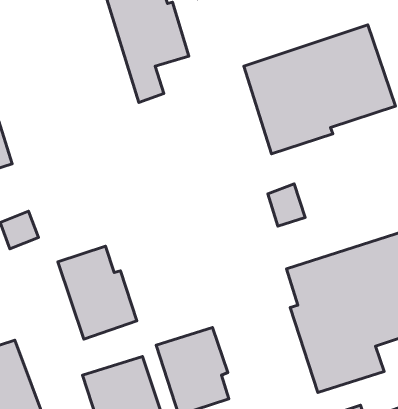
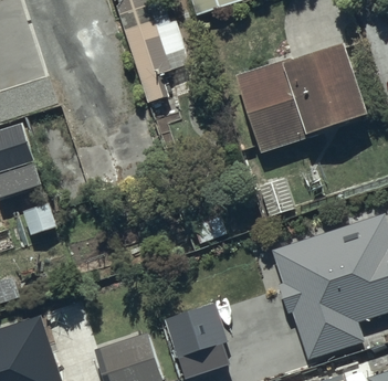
building: [58,246,137,339] -> none

